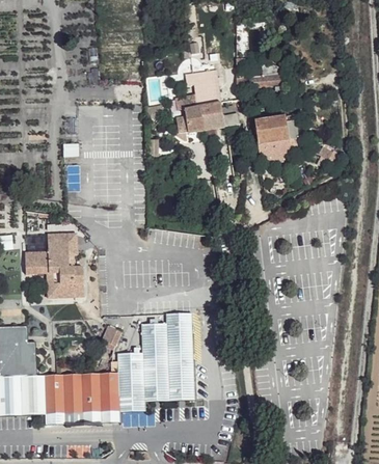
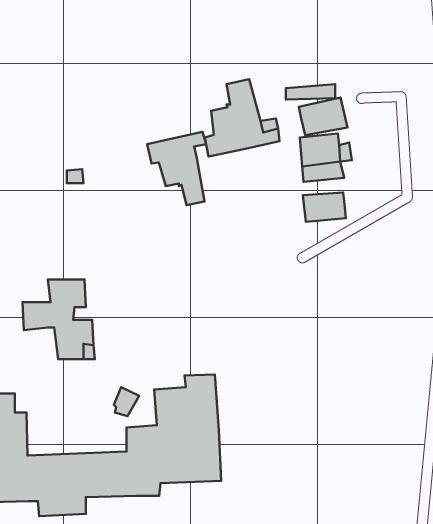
building: none -> [299,98,347,135]
building: none -> [147,132,206,205]
building: none -> [303,192,346,222]

